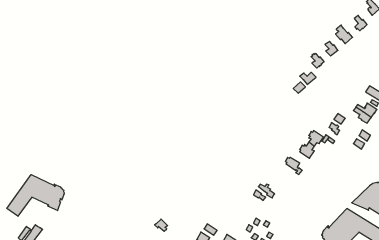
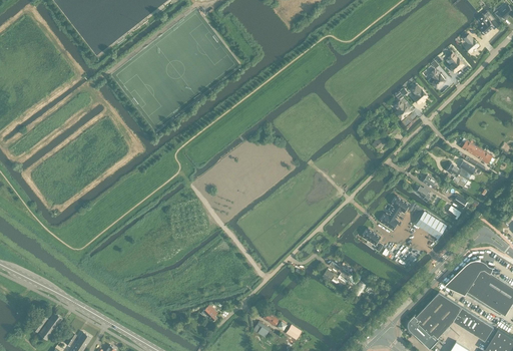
building: none -> [416,213,445,238]
building: [7,175,64,216] -> none

